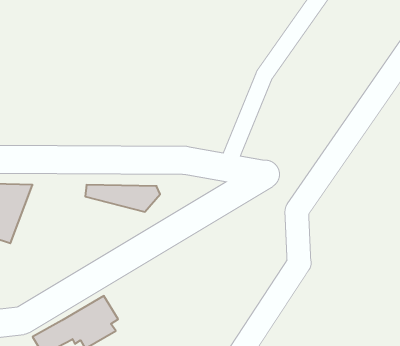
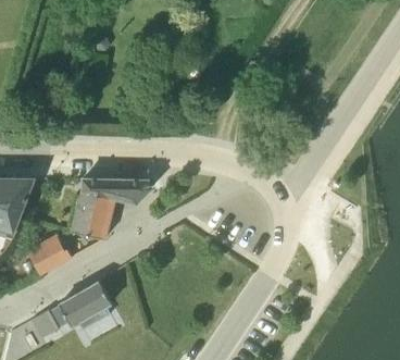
building: none -> [70,188,114,238]
building: none -> [28,233,70,274]

